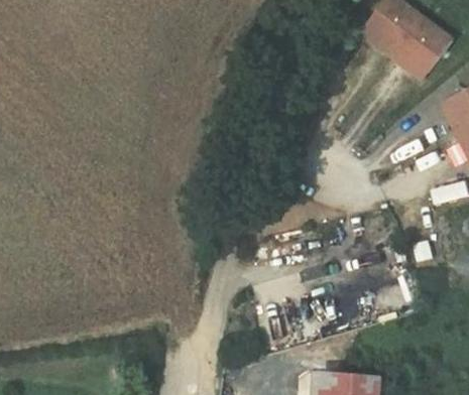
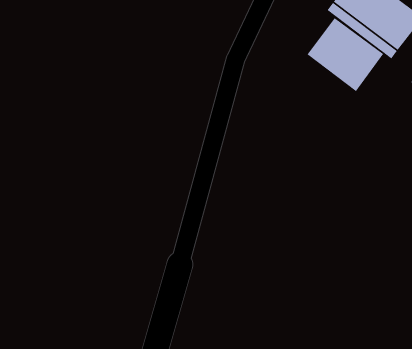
building: none -> [307,17,384,92]

